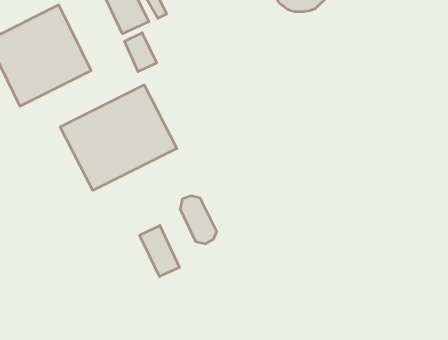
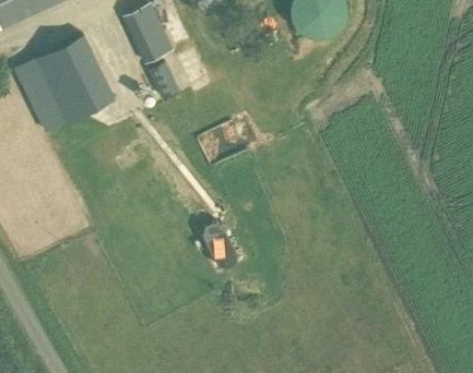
building: [60,85,177,190] -> none
building: [140,225,179,277] -> none

